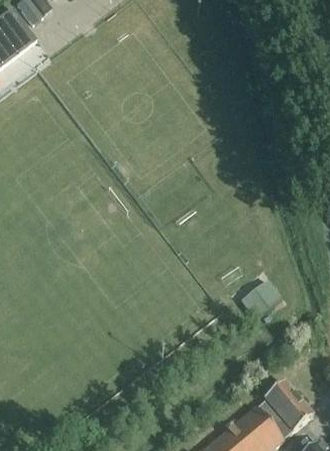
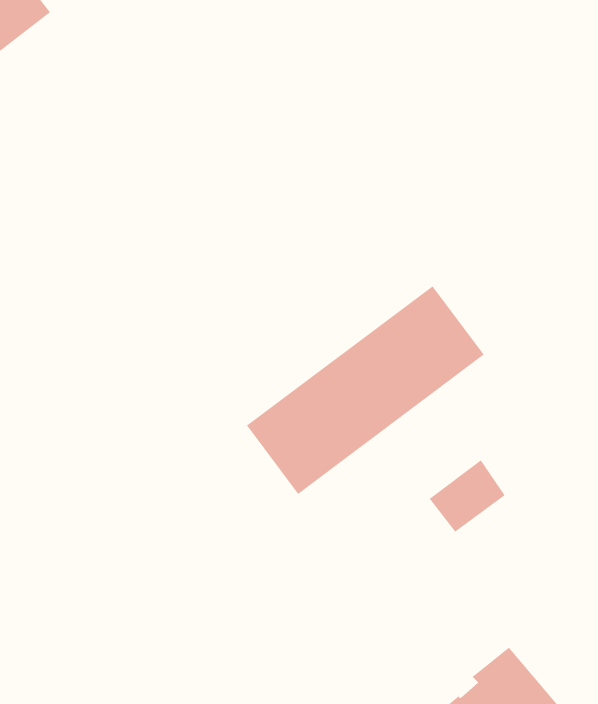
building: none -> [246,285,484,495]

